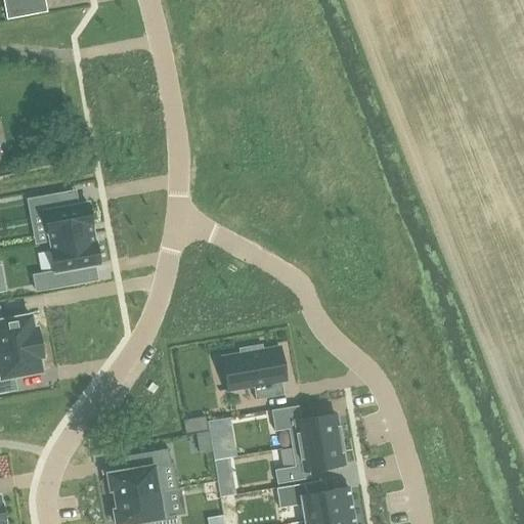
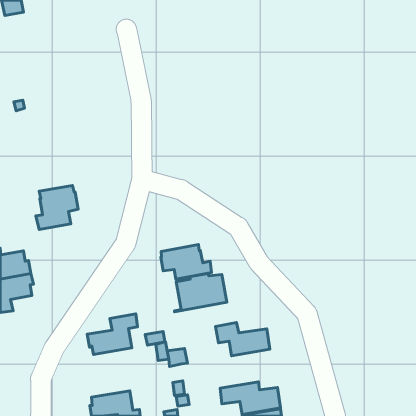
building: [33,190,92,241] -> none
building: none -> [161,244,211,279]
building: [274,439,344,484] -> none
building: [107,448,171,499] -> [87,314,138,354]

